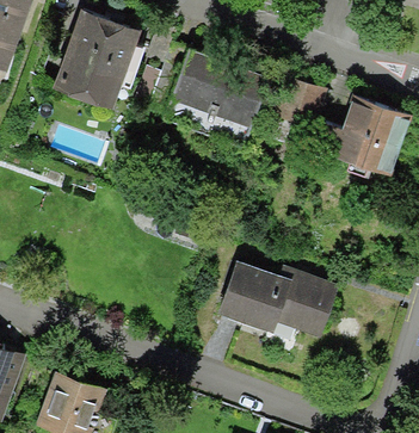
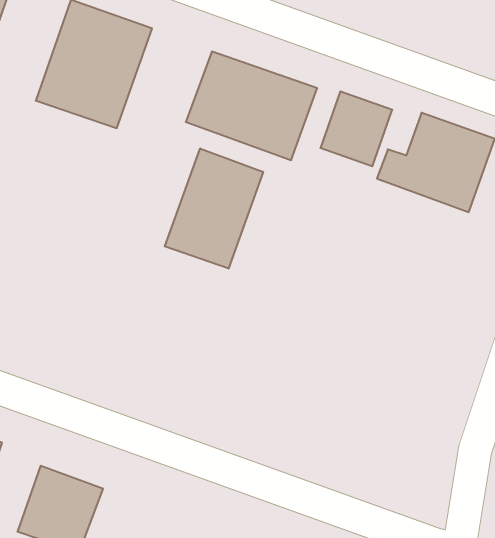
building: none -> [165,148,263,269]
building: [214,260,339,338] -> none

